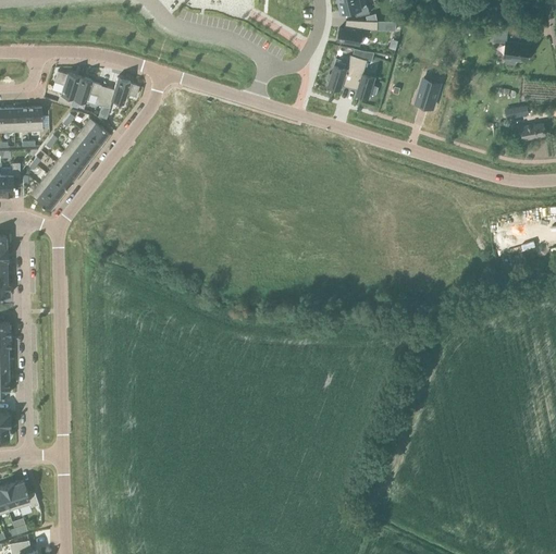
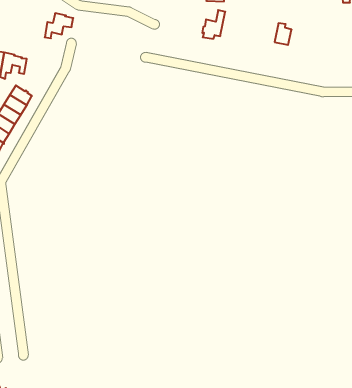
building: [349,58,378,98] -> none
building: [101,77,139,108] -> [45,13,73,38]

